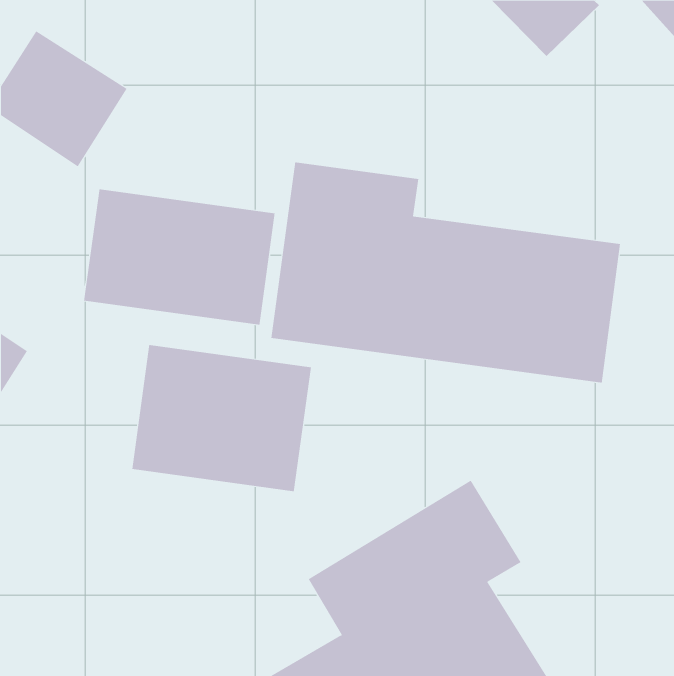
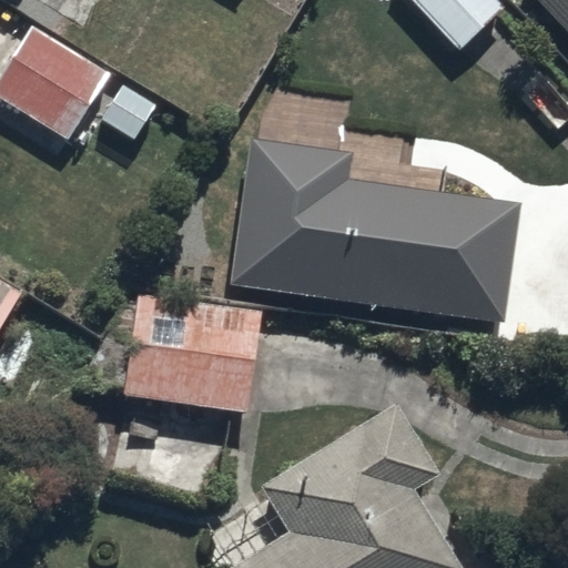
building: [83,188,275,326] -> none

